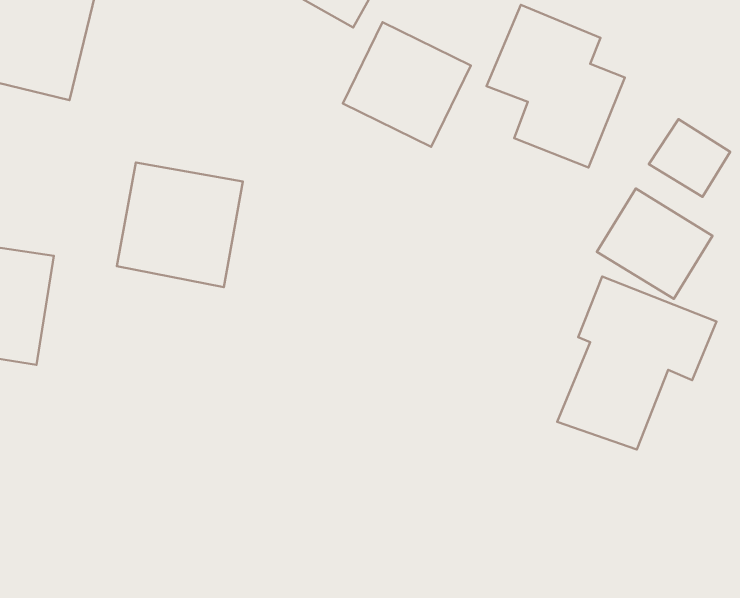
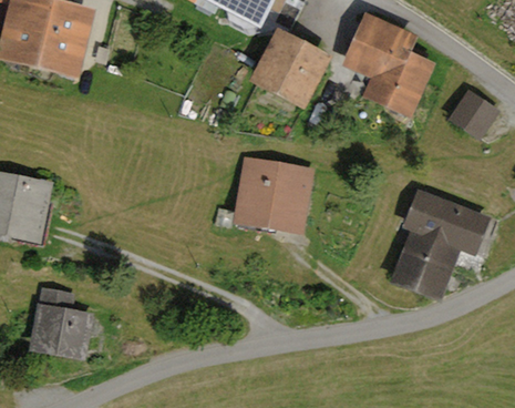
building: [117,163,243,287] -> [233,153,313,233]
building: [597,189,713,299] -> none
building: none -> [43,305,104,358]

